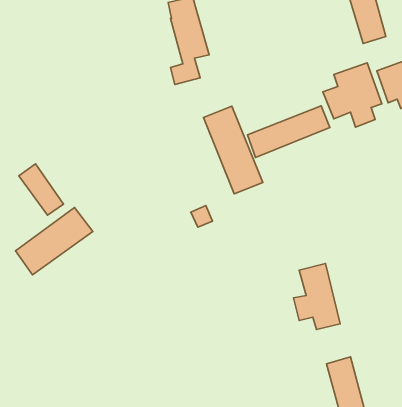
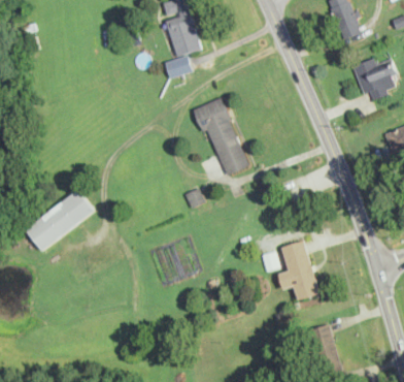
building: [323,63,382,127] -> none
building: [247,106,330,158] -> none
building: [19,164,64,215] -> none

